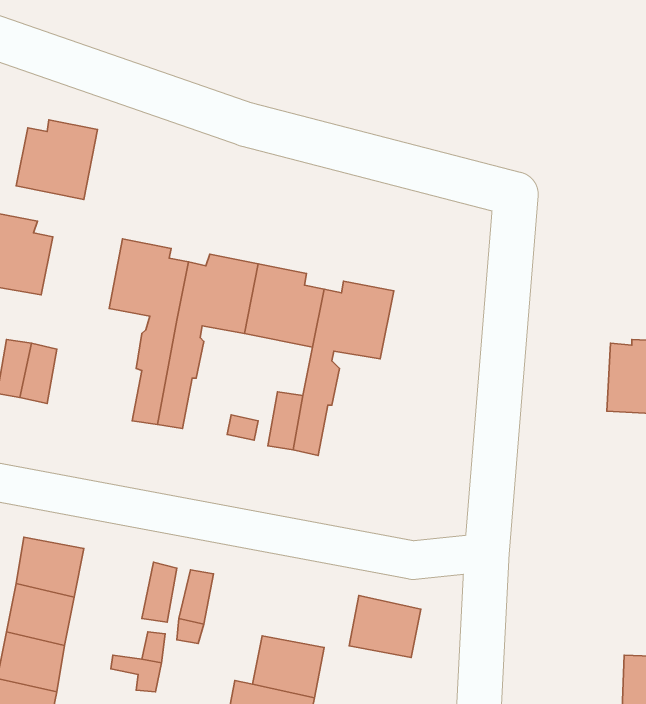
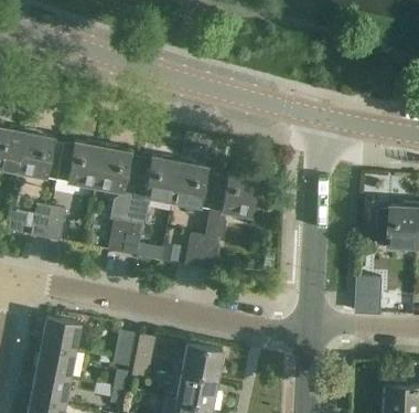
building: [16,120,97,199] -> [55,141,101,187]
building: none -> [356,277,382,314]
building: [349,596,421,658] -> [181,345,222,380]

